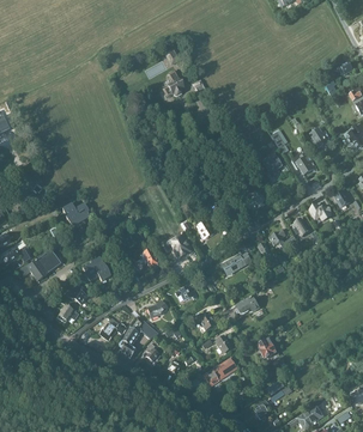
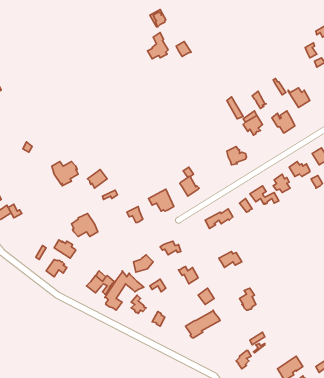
building: [20,250,62,281] -> none

